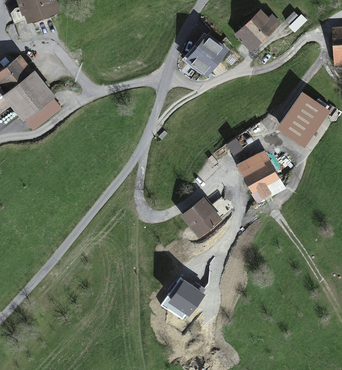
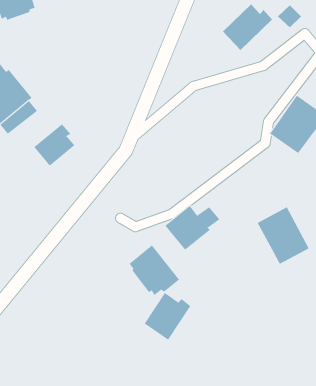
building: [182,32,229,78] -> none
building: none -> [33,124,75,167]
building: [236,149,285,203] -> [257,207,310,265]
building: none -> [129,244,180,296]

